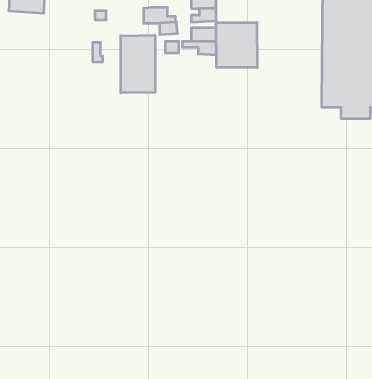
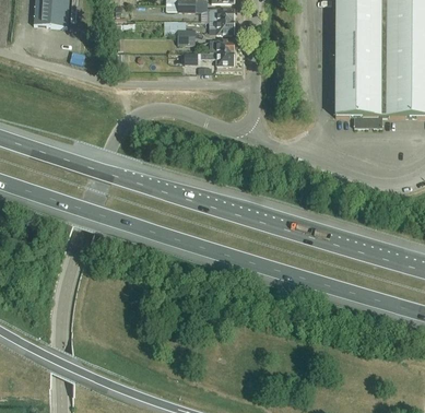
building: [216,22,257,68] -> none
building: [121,35,155,93] -> none

